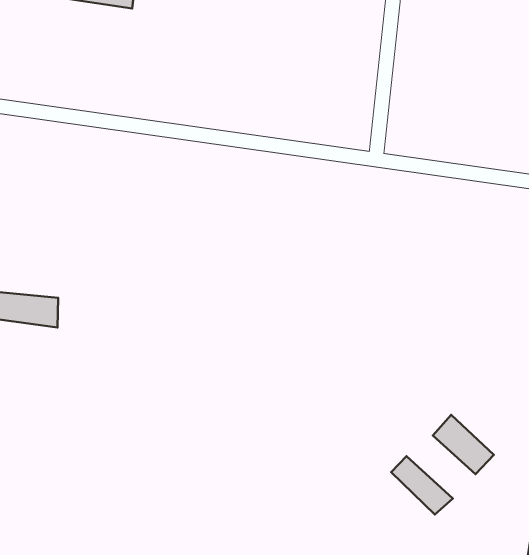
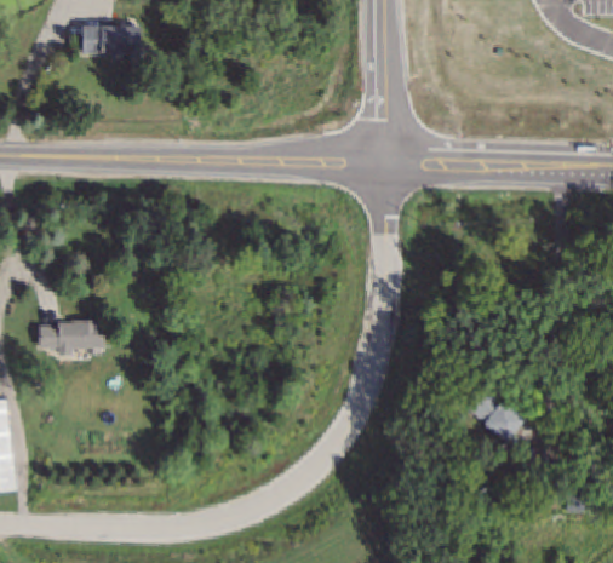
building: [391,456,453,514] -> none

